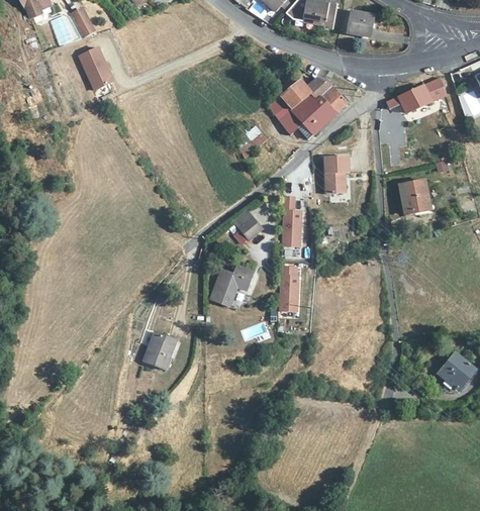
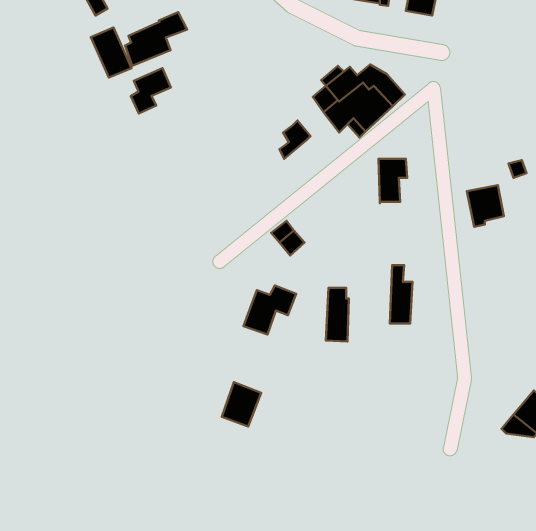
building: none -> [125,12,187,66]
building: [386,77,446,112] -> none
building: none -> [131,68,171,113]
building: [283,196,302,245] -> [390,265,413,324]
building: [143,330,177,368] -> [222,382,261,426]

